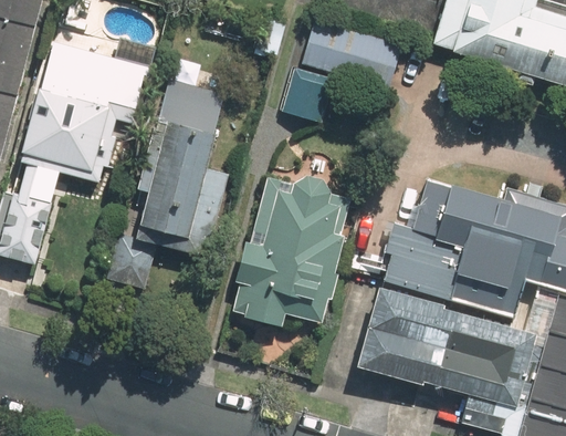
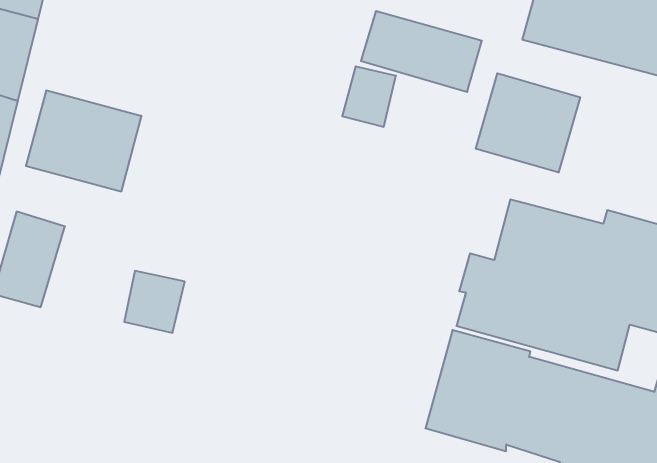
building: [38,45,138,104] -> none
building: none -> [476,73,580,173]
building: [140,77,231,245] -> none
building: [232,180,347,328] -> none

